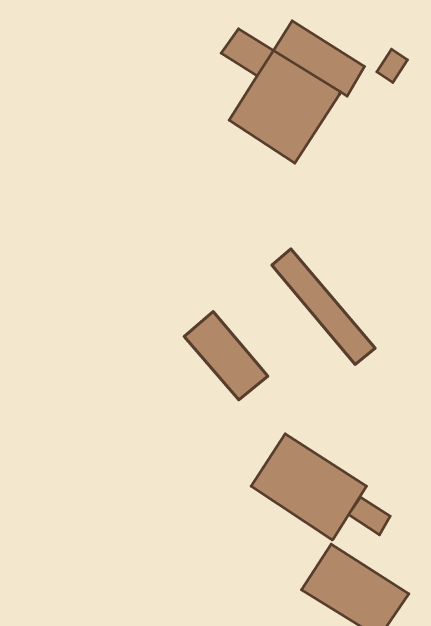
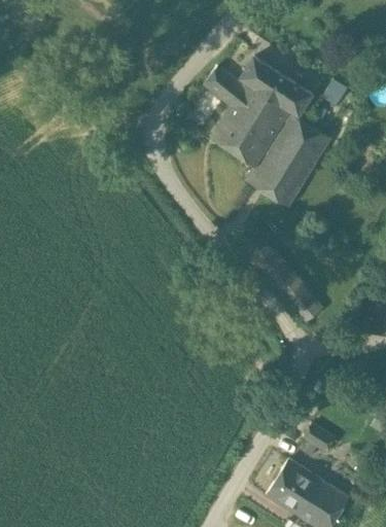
building: none -> [251,115,329,206]
building: [184,312,268,400] -> none
building: [251,434,367,540] -> none

